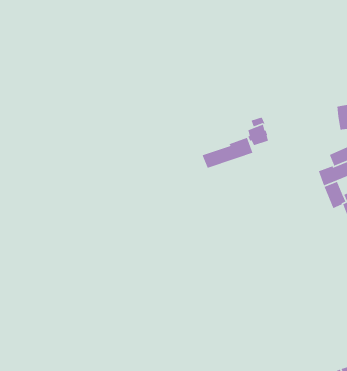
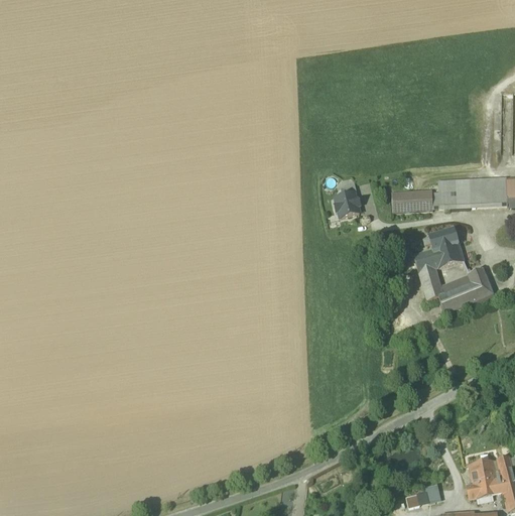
building: none -> [391,189,444,211]
building: [201,137,254,169] -> none

